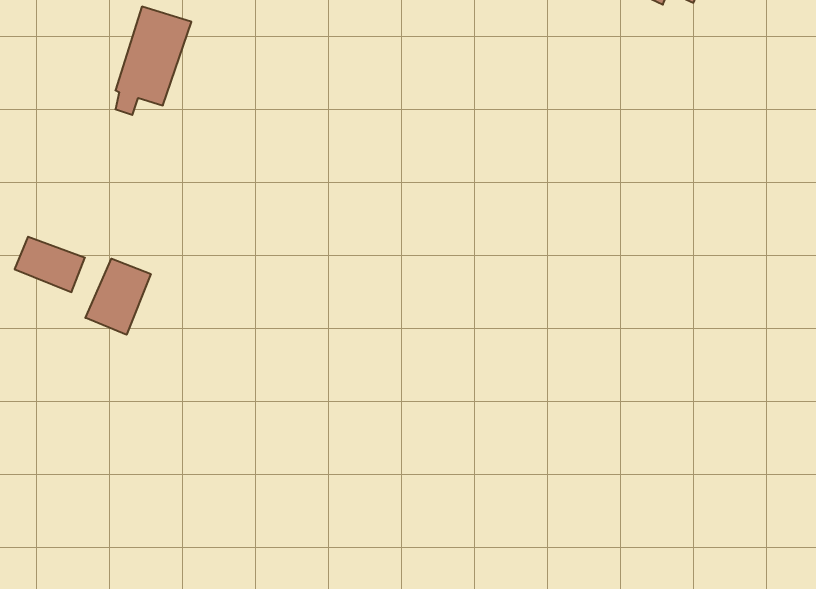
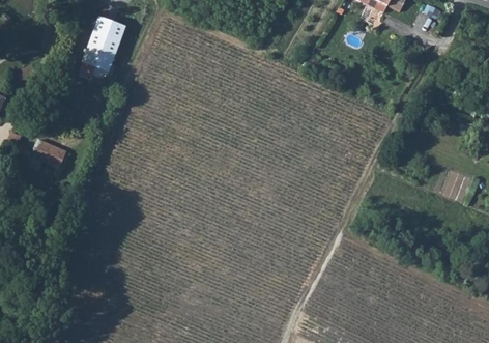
building: [85,259,151,335] -> none

